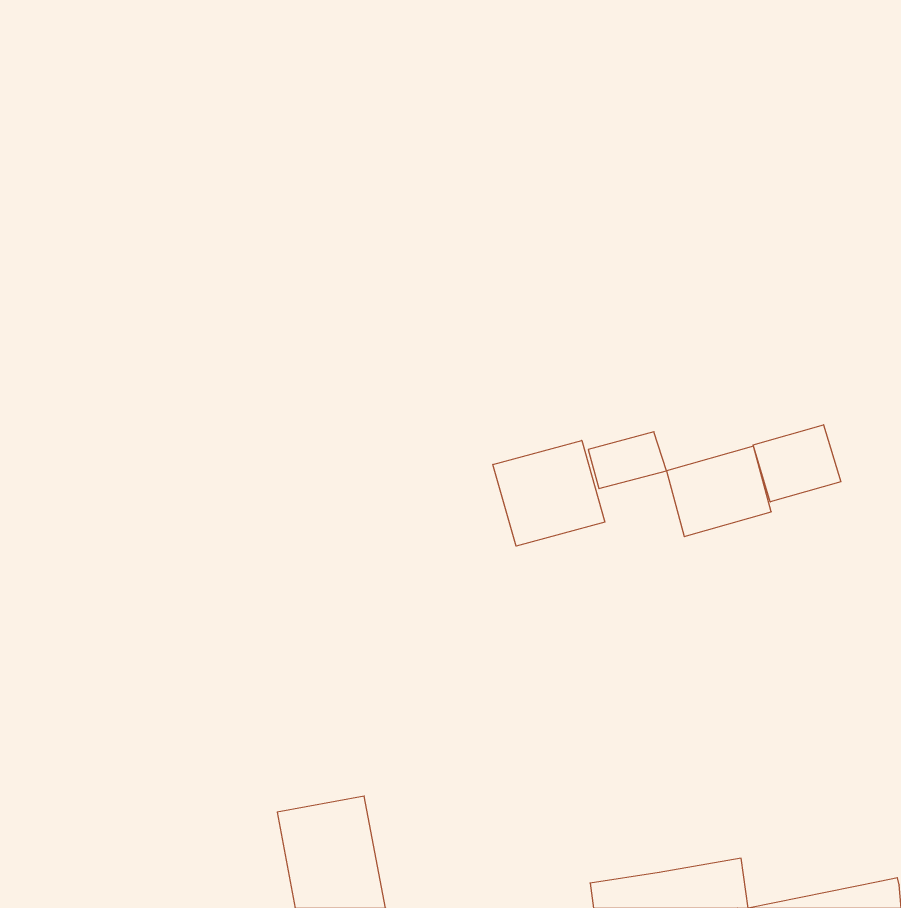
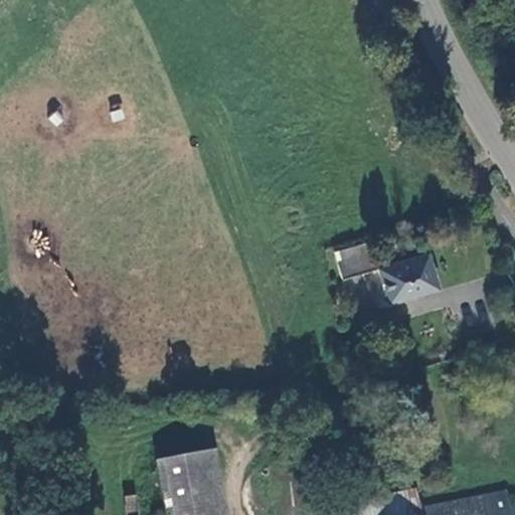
building: [753,425,841,502] -> none
building: [493,440,605,546] -> none

